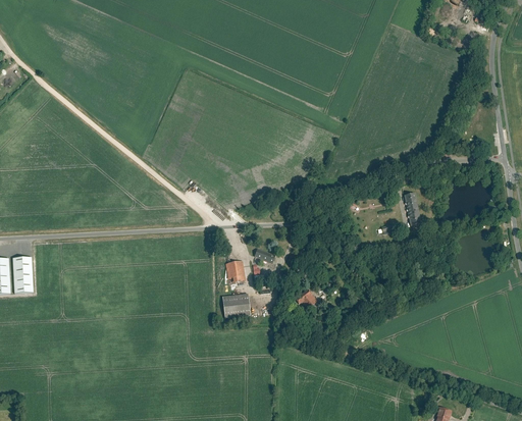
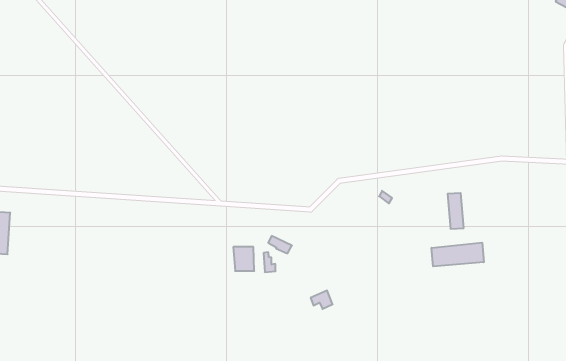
building: none -> [432,243,484,266]
building: [224,294,252,317] -> none

